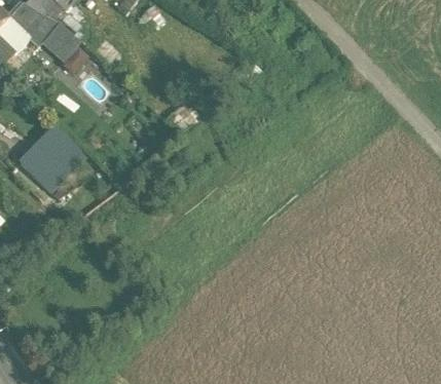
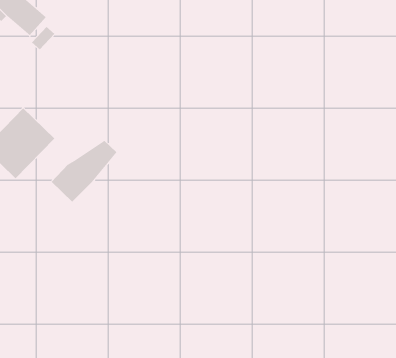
building: none -> [51,140,117,202]

